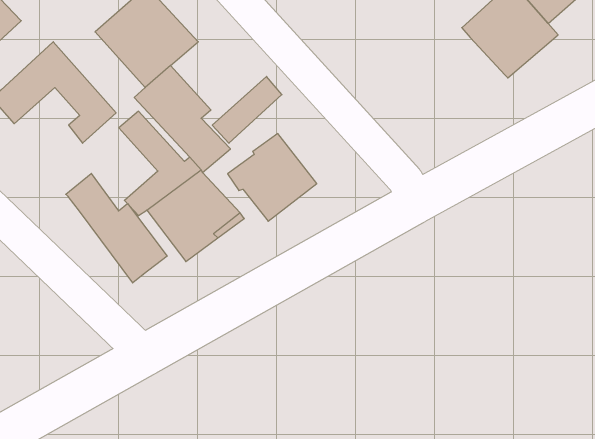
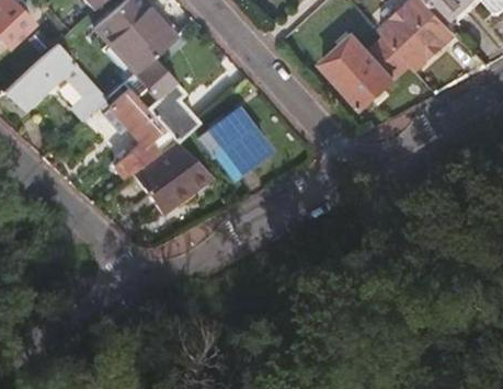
building: none -> [321,36,410,107]
building: [66,173,167,283] -> none

